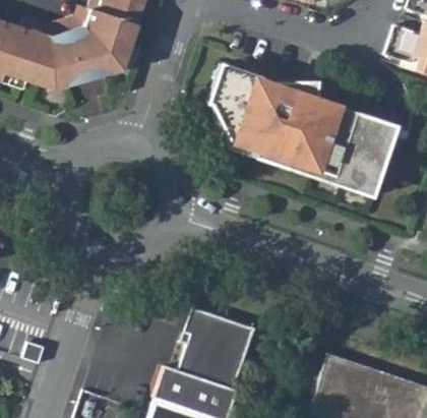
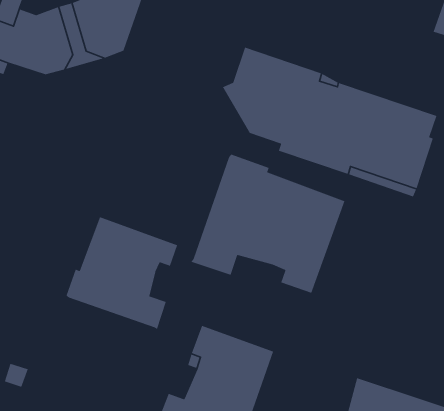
building: none -> [190,153,346,294]
building: none -> [66,216,178,330]

